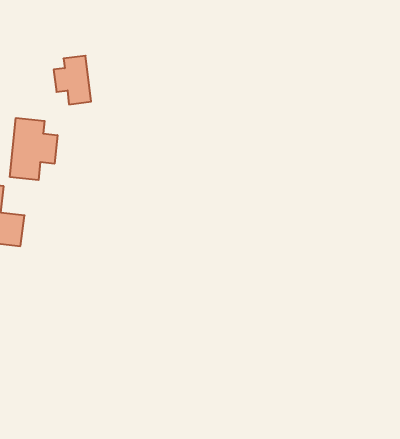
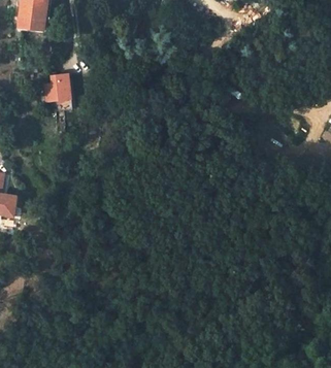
building: [10,118,57,180] -> none

